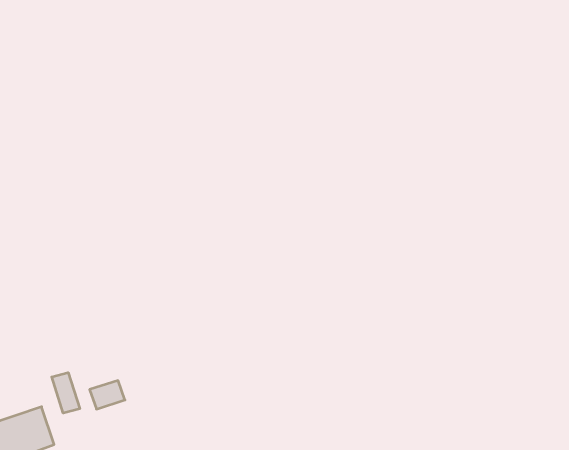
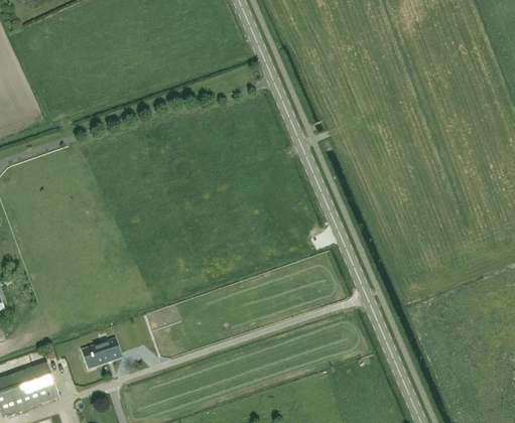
building: [52,373,80,413] -> none

